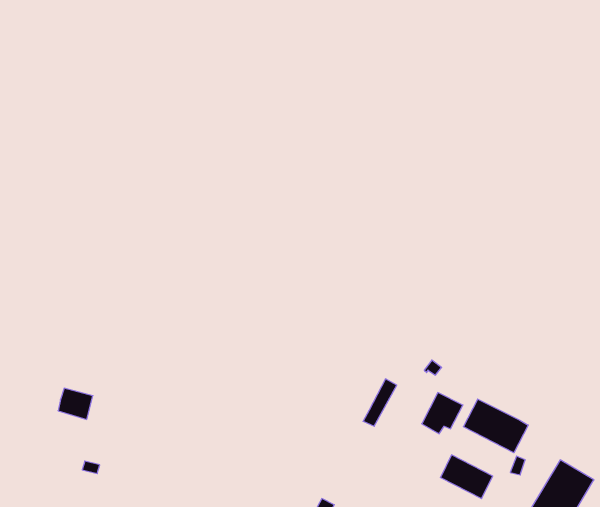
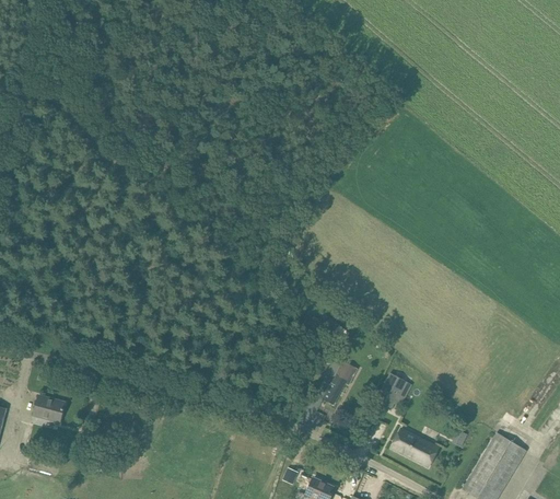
building: [58,388,93,419] -> [34,396,65,423]
building: [463,399,528,453] -> none

